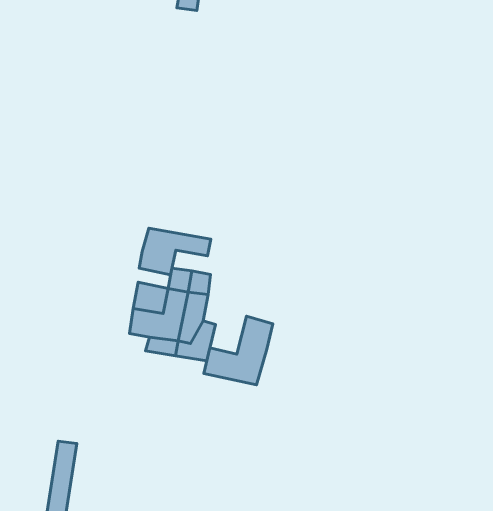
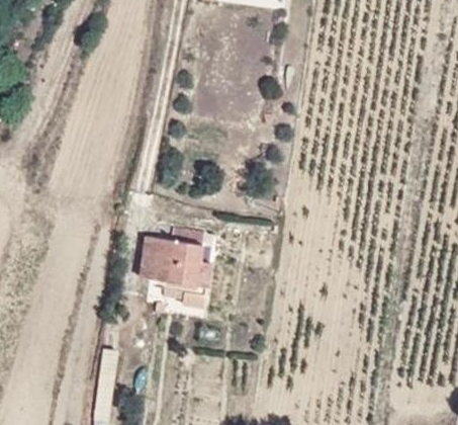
building: [139,228,211,275] -> none
building: [204,316,273,385] -> none

